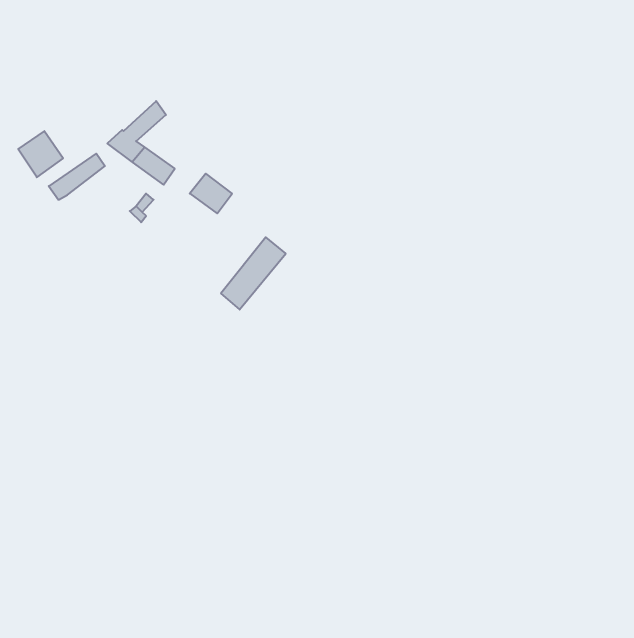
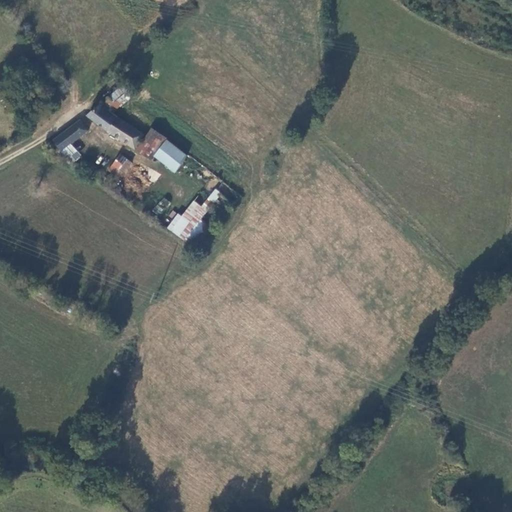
building: [18,131,63,177] -> none
building: none -> [135,128,165,159]

